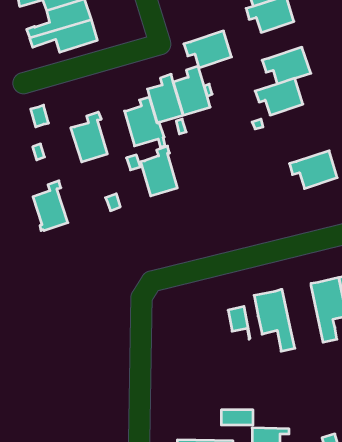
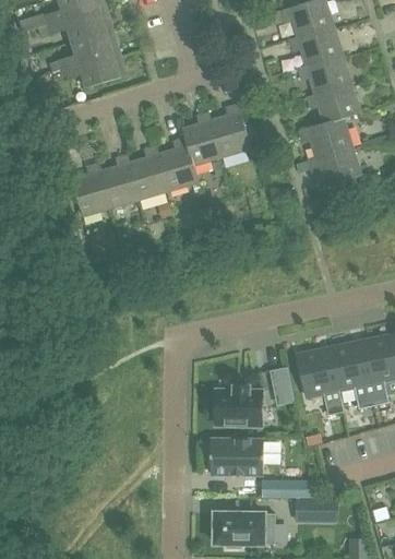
building: [184,31,232,68] -> [298,53,350,94]
building: [141,146,177,196] -> [127,144,167,199]
building: [289,151,337,189] -> [308,144,360,186]
building: [33,181,68,231] -> [71,162,109,216]
building: none -> [328,341,373,408]
building: none -> [215,385,262,425]
building: none -> [211,438,263,474]

